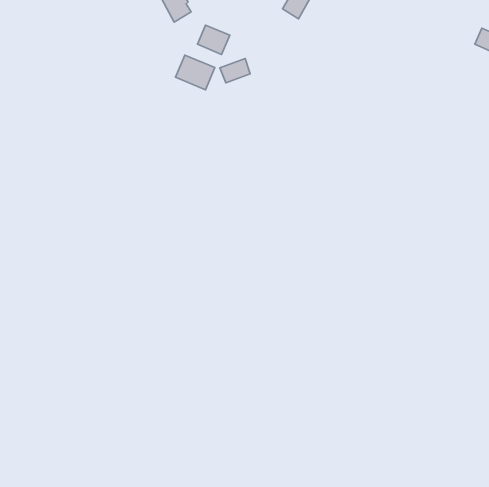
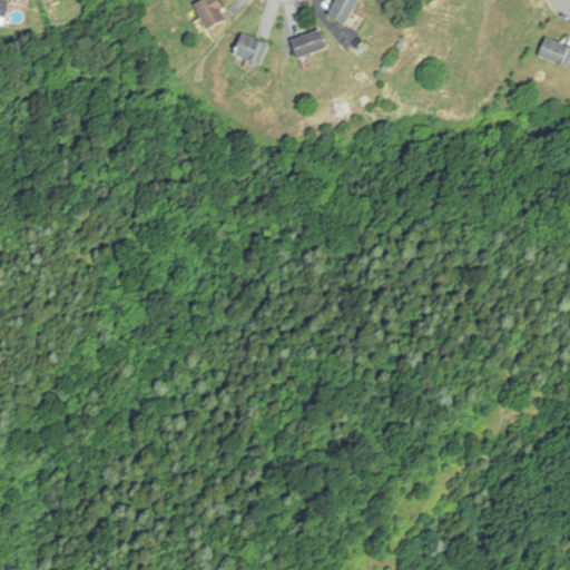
building: [176,55,215,90] -> none
building: [220,59,250,83] -> [289,30,323,57]

